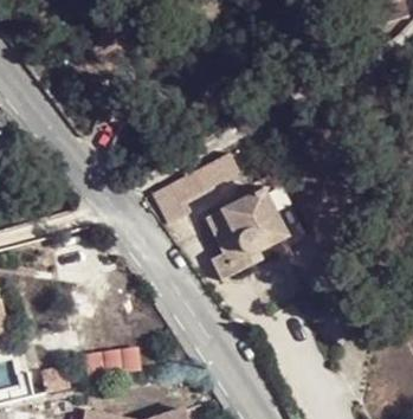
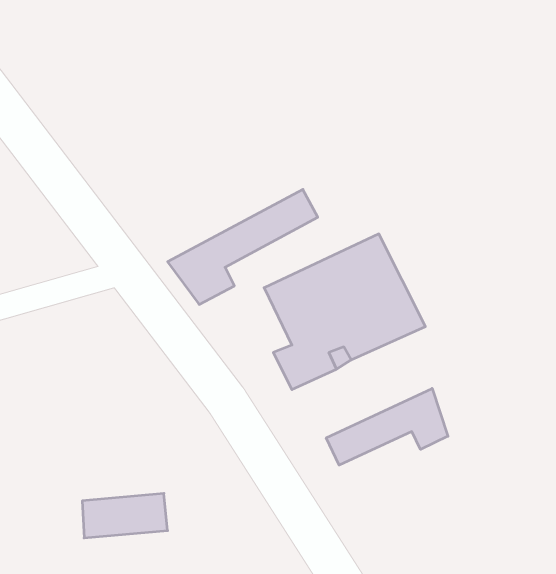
building: none -> [326,388,448,465]

